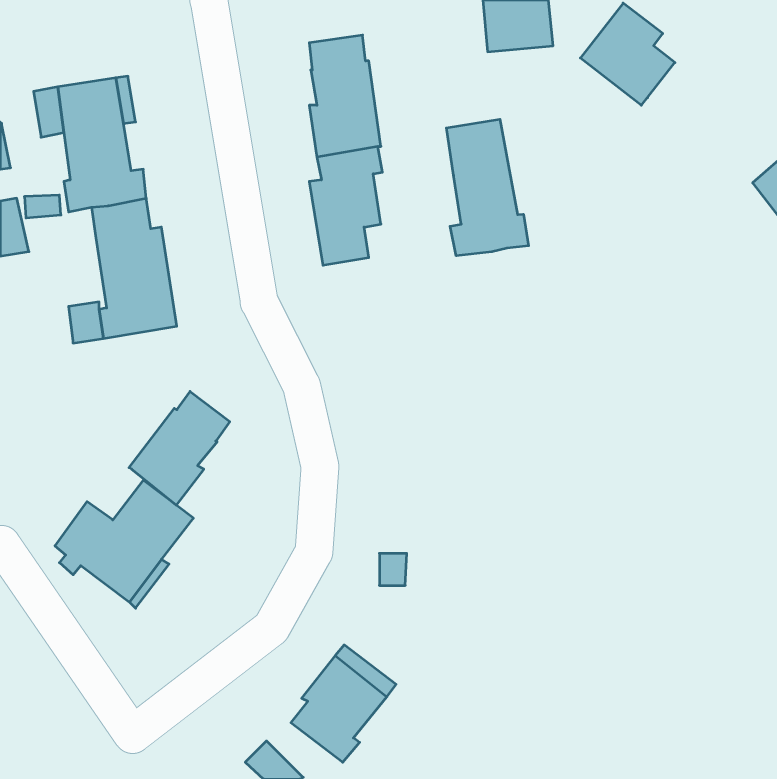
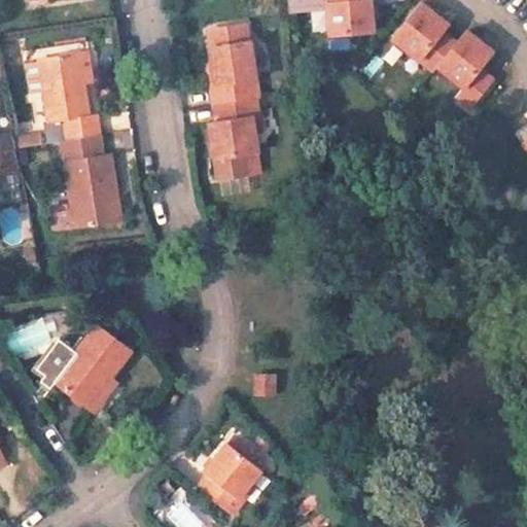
building: none -> [438,30,494,107]
building: [446,119,529,256] -> none
building: [129,391,230,505] -> none

